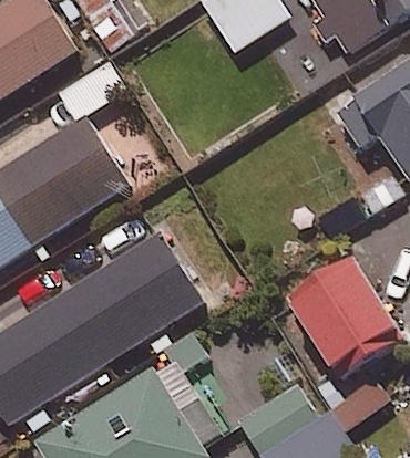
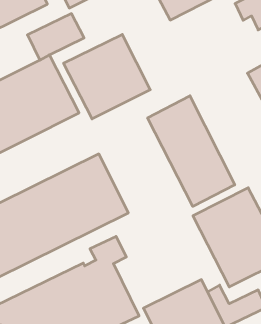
building: none -> [64,34,150,119]
building: none -> [148,96,235,206]

